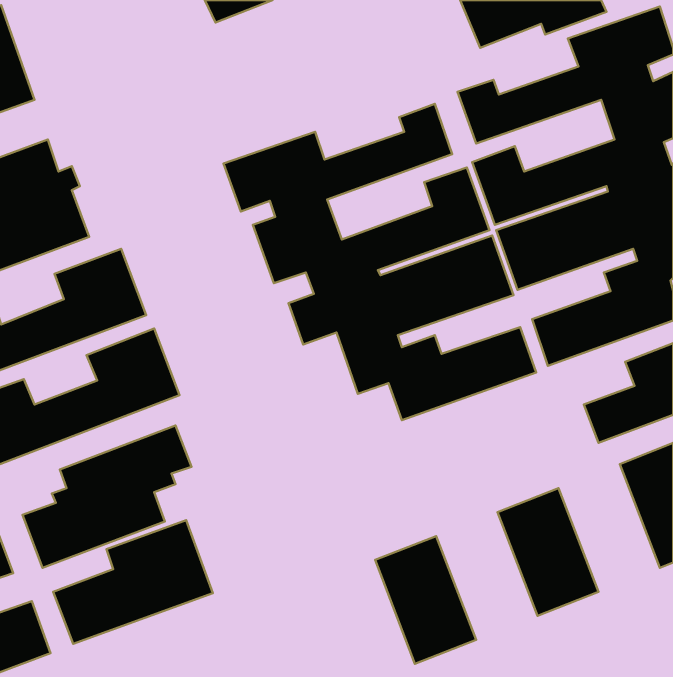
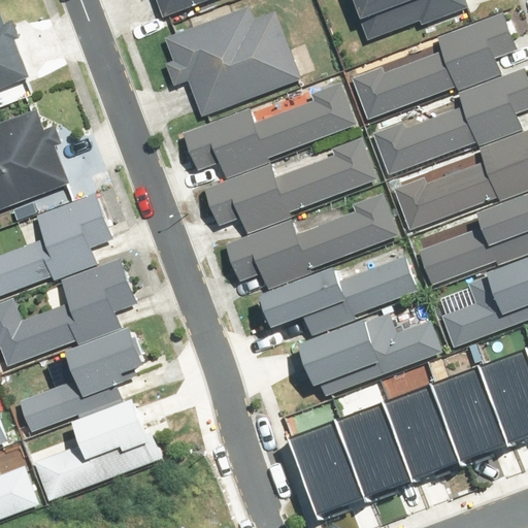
building: none -> [166,13,301,118]
building: none -> [305,316,438,390]
building: none -> [433,362,512,461]
building: none -> [338,399,417,498]

